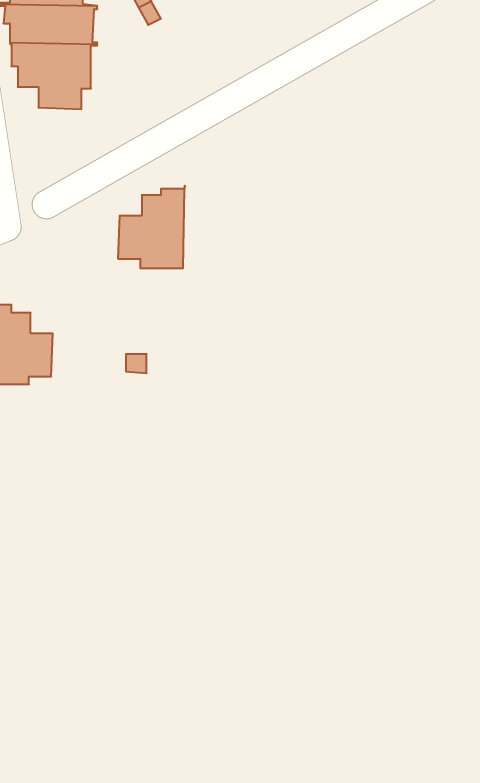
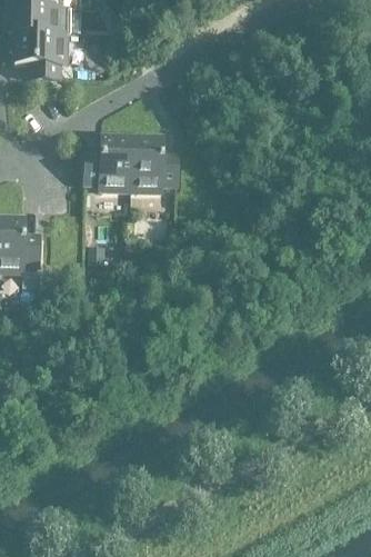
building: none -> [130,132,177,191]

